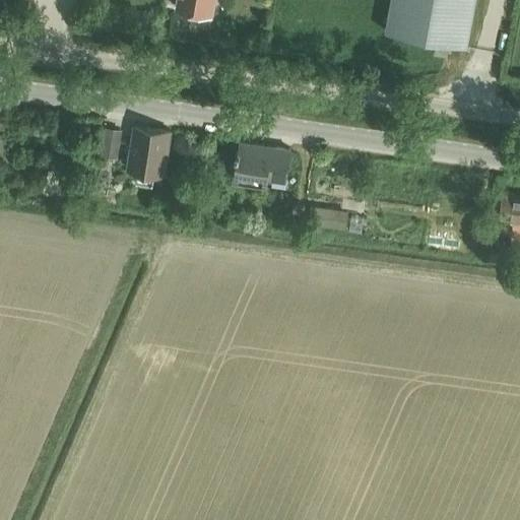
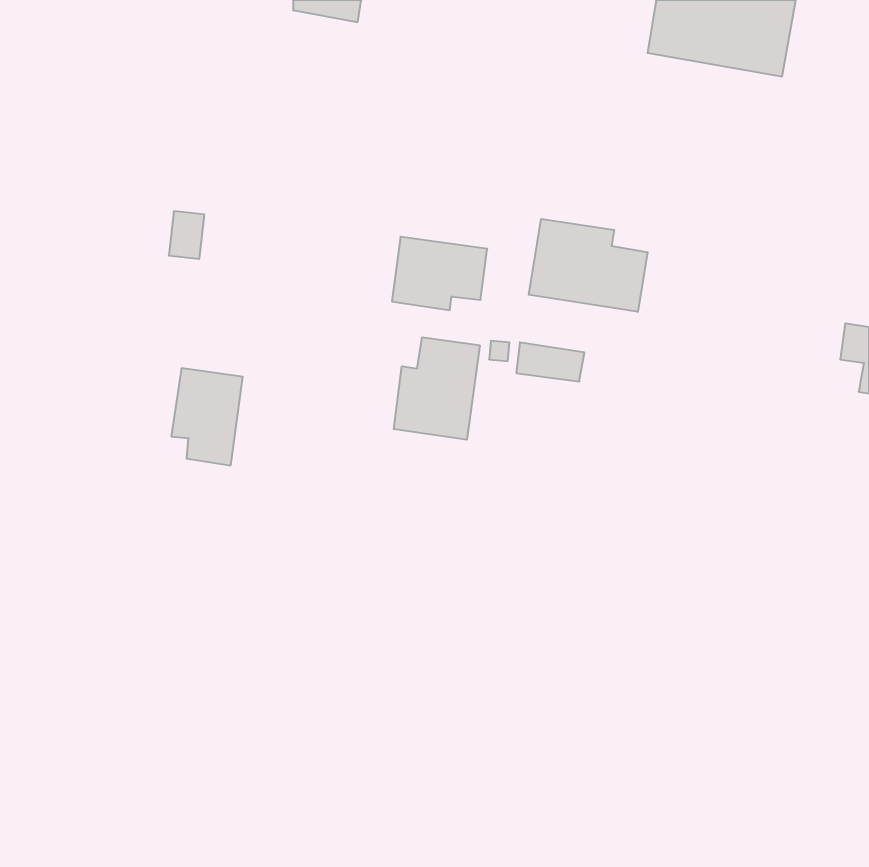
building: [129,126,172,184] -> [171,368,243,465]
building: none -> [529,219,648,312]
building: none -> [394,337,480,440]

